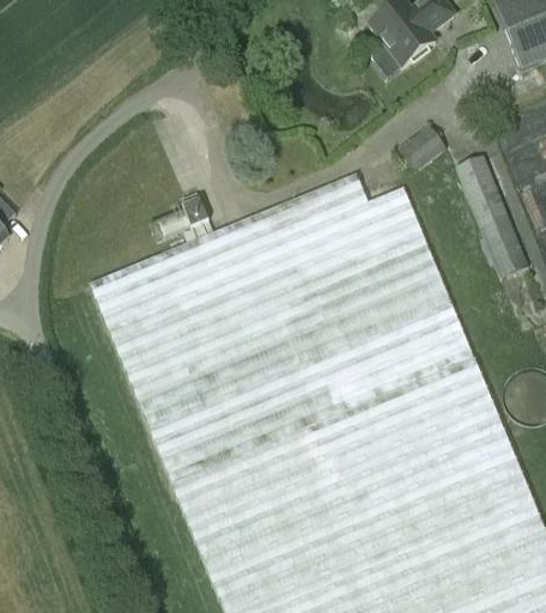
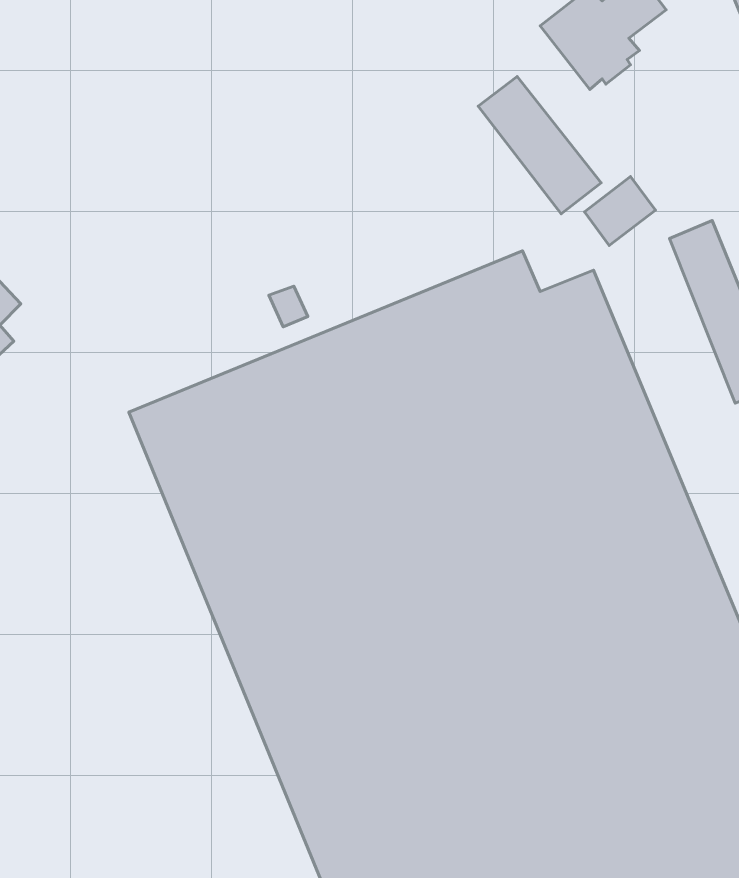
building: none -> [478,76,601,214]

